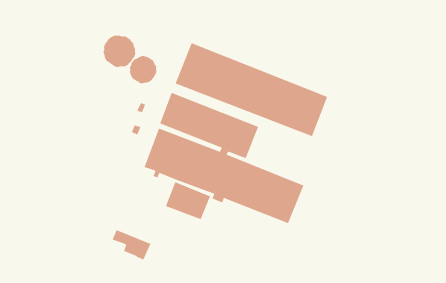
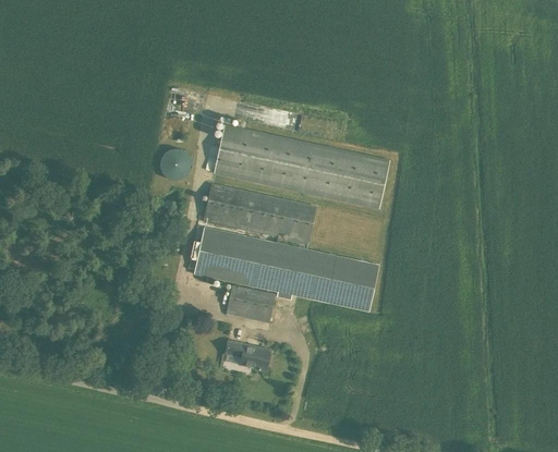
building: [102,35,136,68] -> none
building: [112,229,152,261] -> [225,340,270,370]

